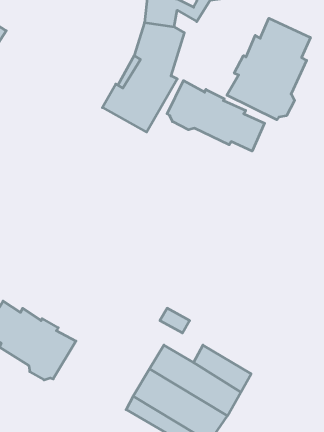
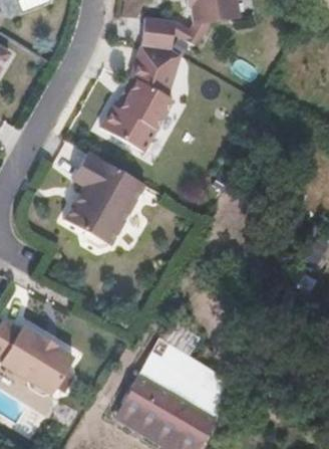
building: [227,18,310,120] -> none
building: [167,81,265,151] -> none
building: none -> [64,151,144,247]

